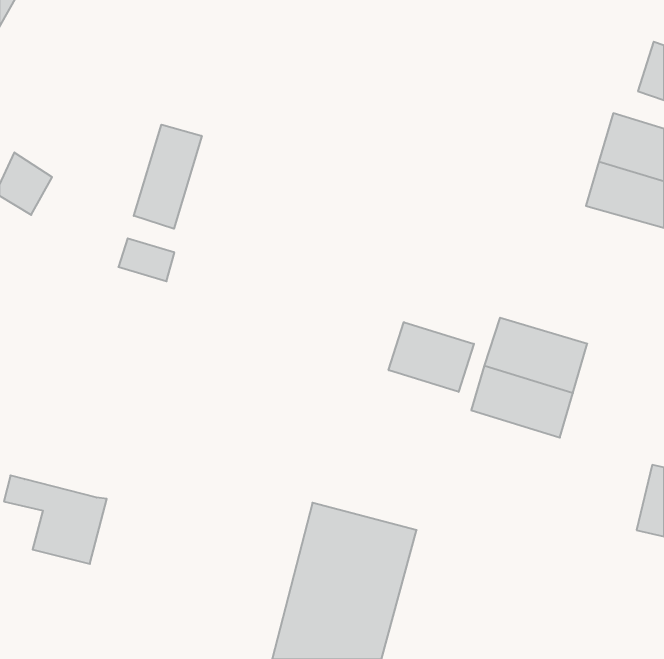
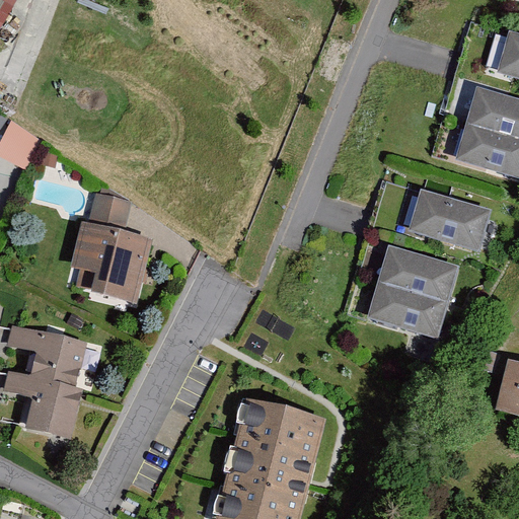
building: [134,125,202,229] -> none
building: none -> [405,187,489,251]
building: none -> [71,223,150,303]
building: [389,322,474,392] -> none
building: none -> [7,322,87,387]

